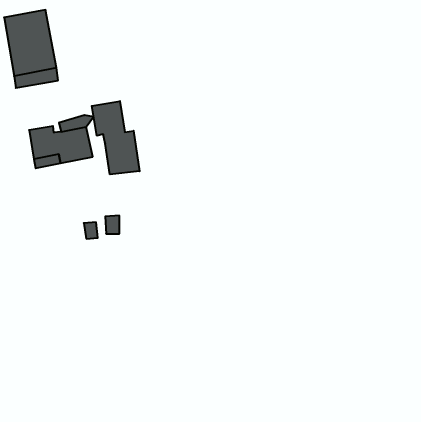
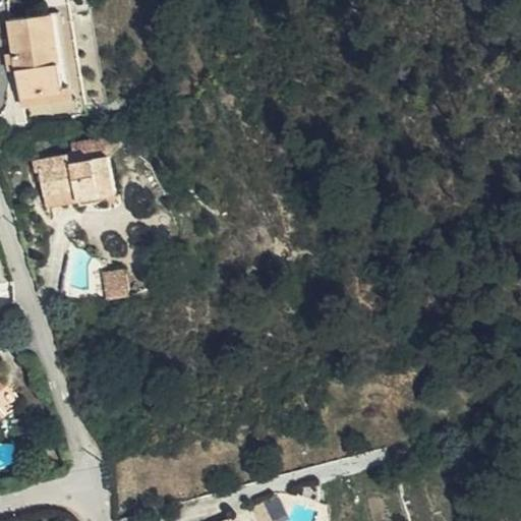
building: [92,101,140,174] -> none

